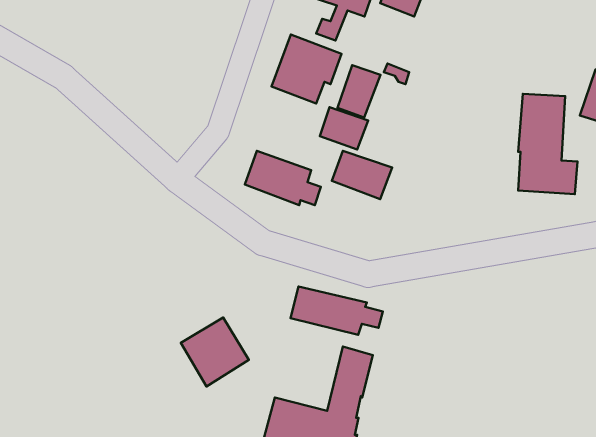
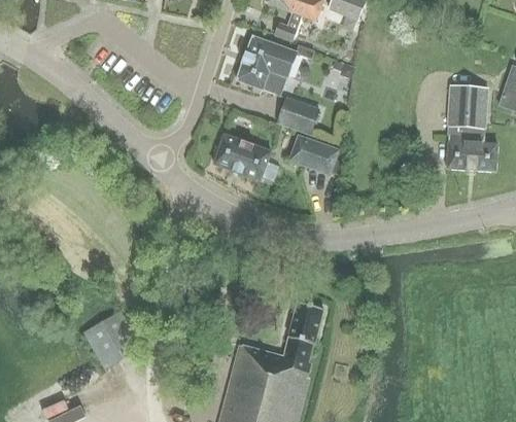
building: [338,65,380,117] -> none
building: [291,287,383,335] -> none
building: [181,317,249,386] -> [83,310,141,368]

